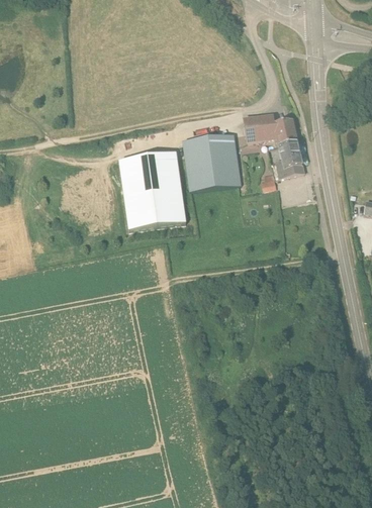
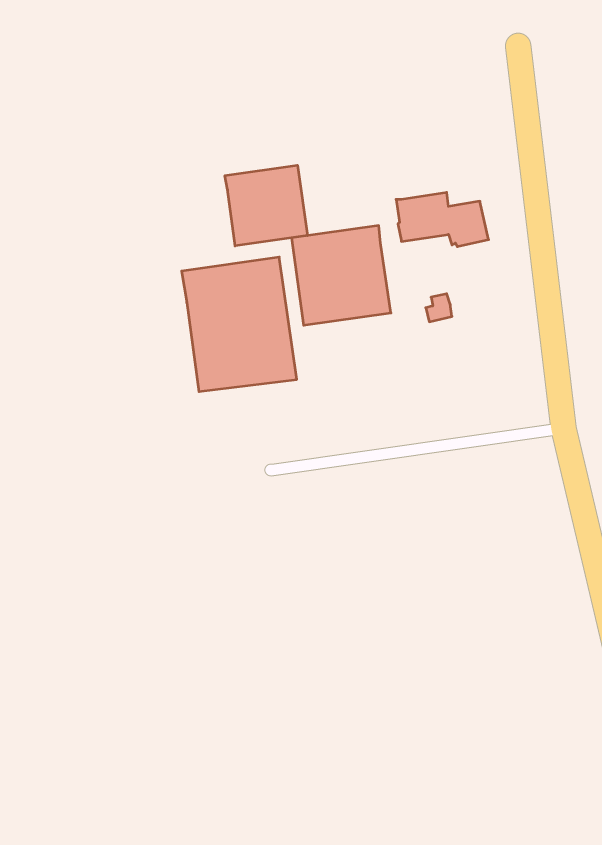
building: none -> [225,165,307,246]
building: [275,140,304,176] -> none

